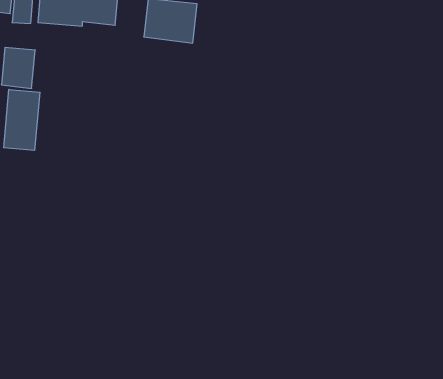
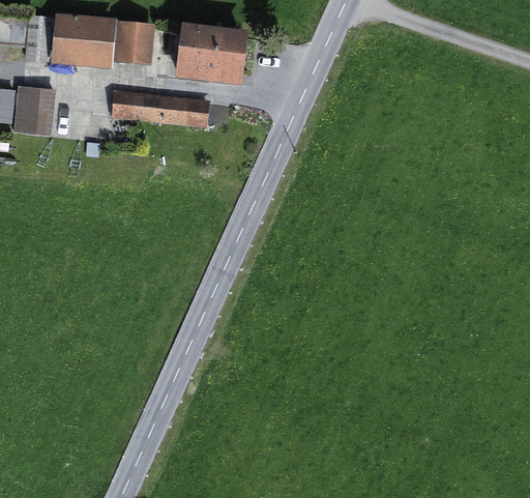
building: none -> [112,93,206,124]
building: [4,89,40,150] -> none

